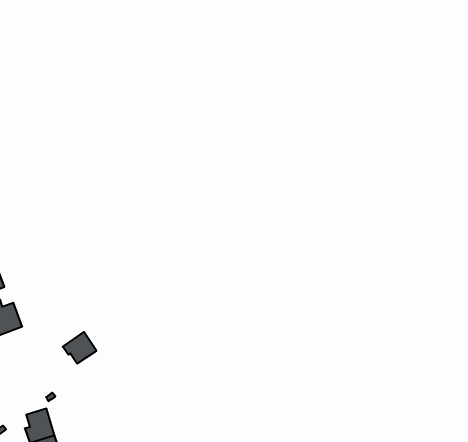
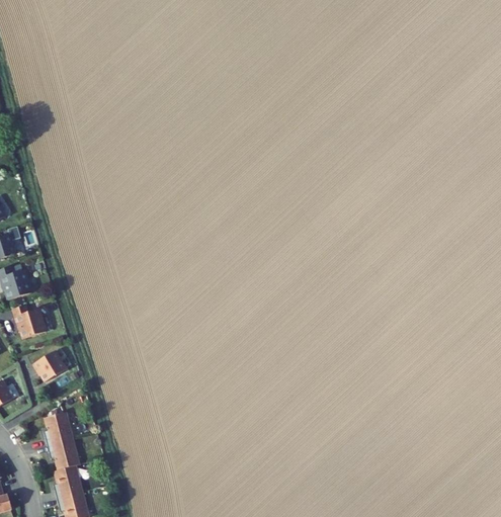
building: [63,332,96,363] -> [32,350,65,380]

